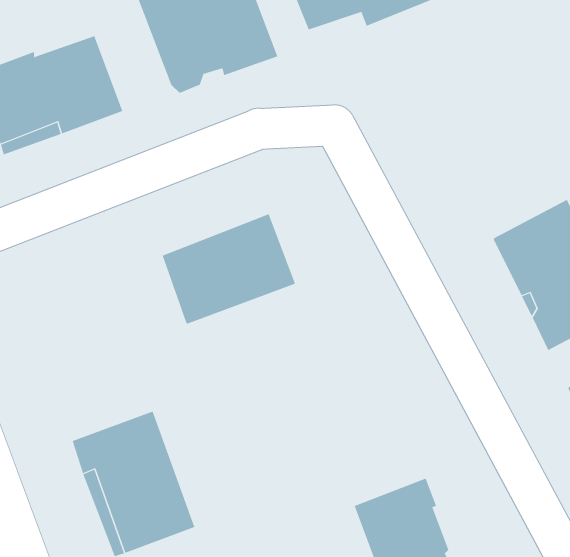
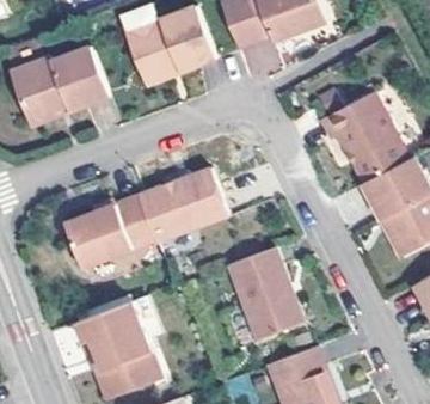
building: none -> [320,92,407,183]
building: none -> [64,195,153,267]
building: none -> [228,246,300,341]

